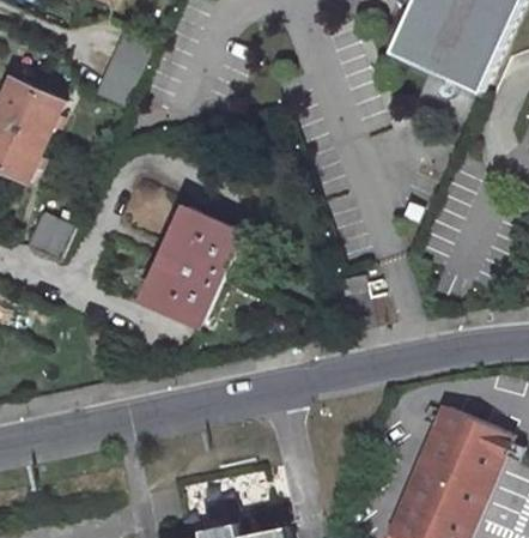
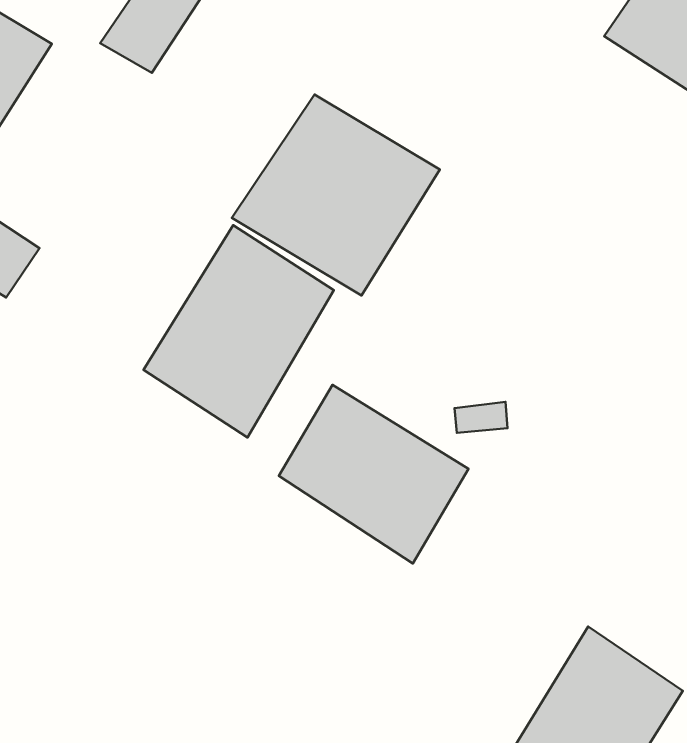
building: none -> [232,94,440,296]
building: none -> [279,385,468,563]

